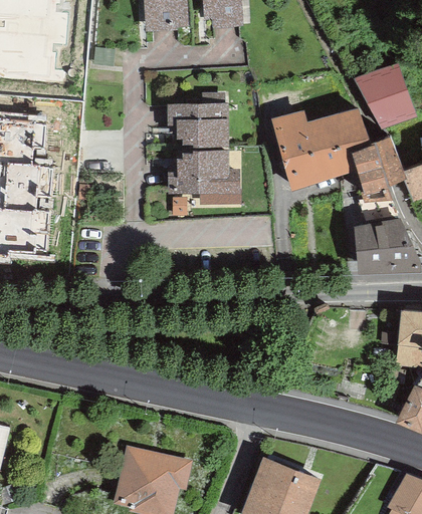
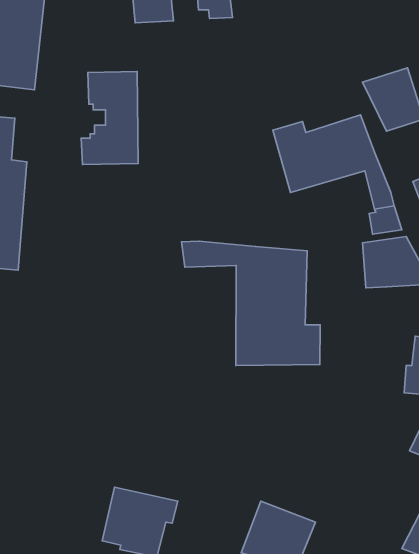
building: [174,105,226,191] -> [81,71,138,164]
building: [369,137,404,181] -> none
building: none -> [182,241,320,365]

